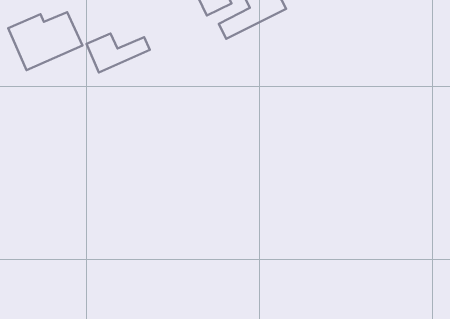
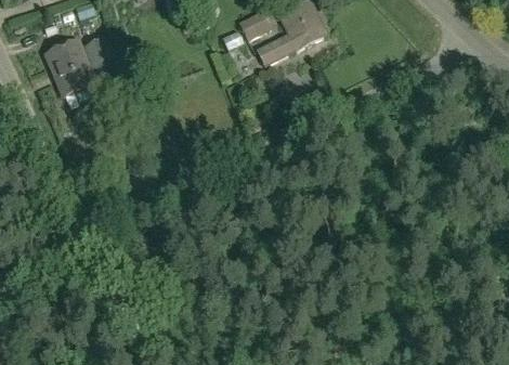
building: [87,33,150,73] -> none

